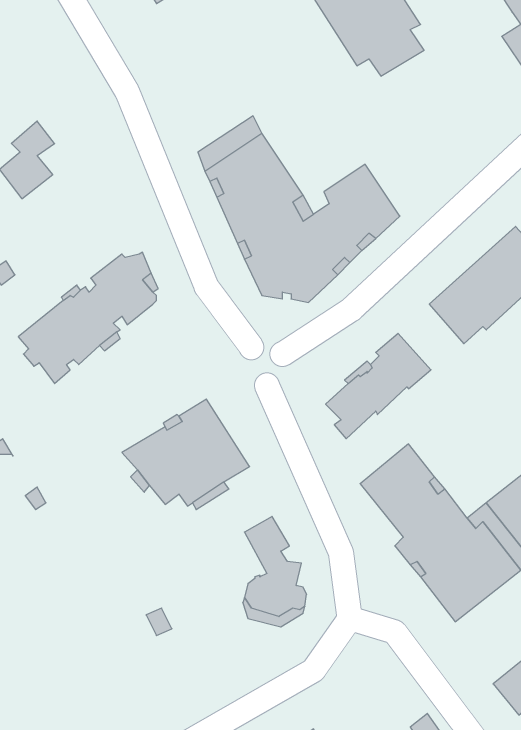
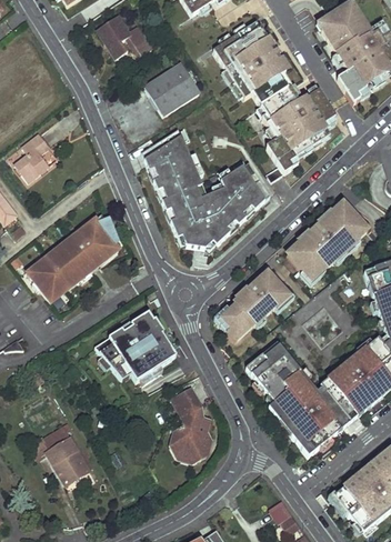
building: none -> [143,62,198,113]
building: none -> [260,86,335,180]
building: none -> [42,424,90,483]

